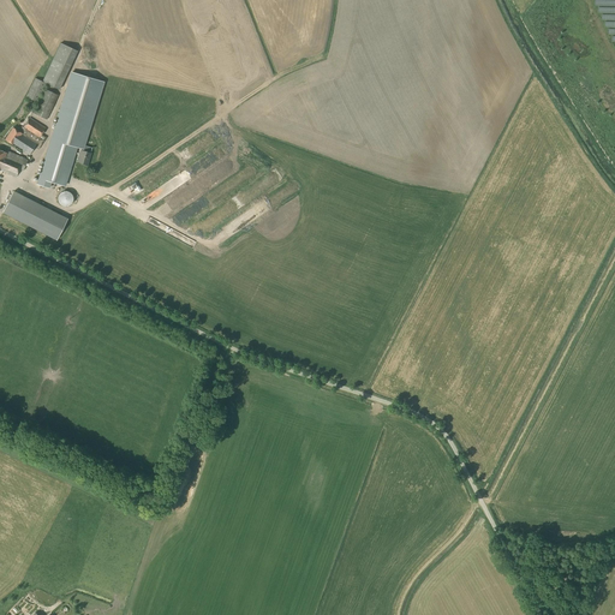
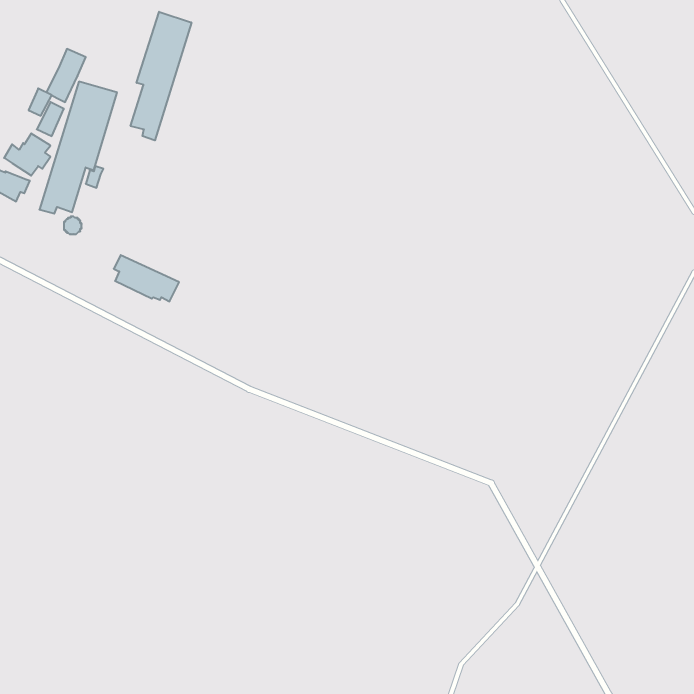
building: none -> [131,12,191,140]
building: [7,191,65,232] -> [114,255,179,301]

